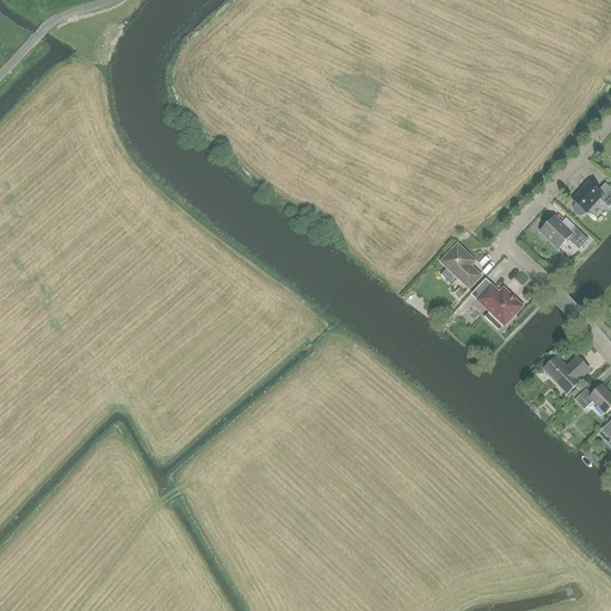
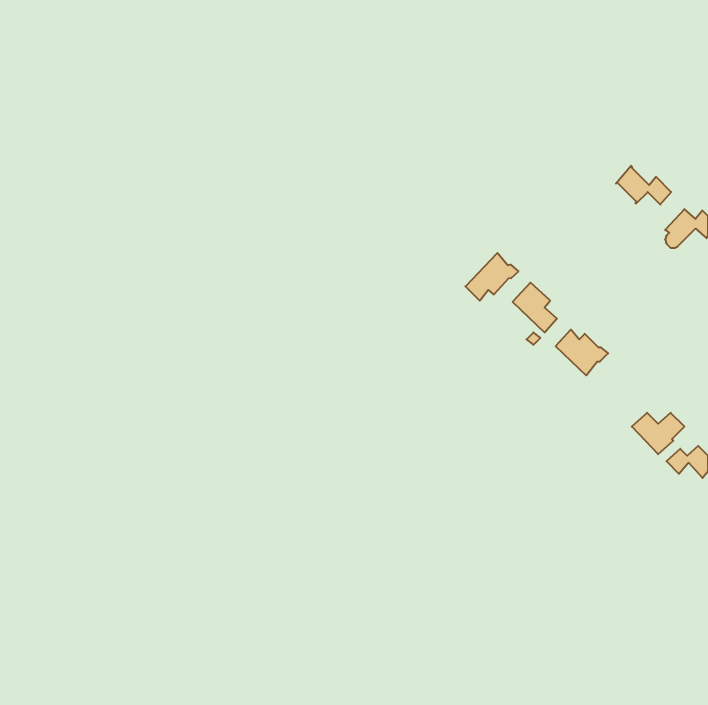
building: [541,215,588,248] -> [616,166,671,205]
building: none -> [465,253,518,301]

